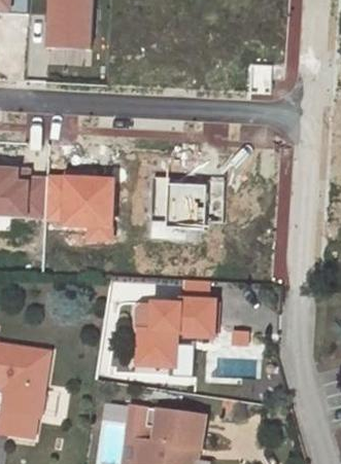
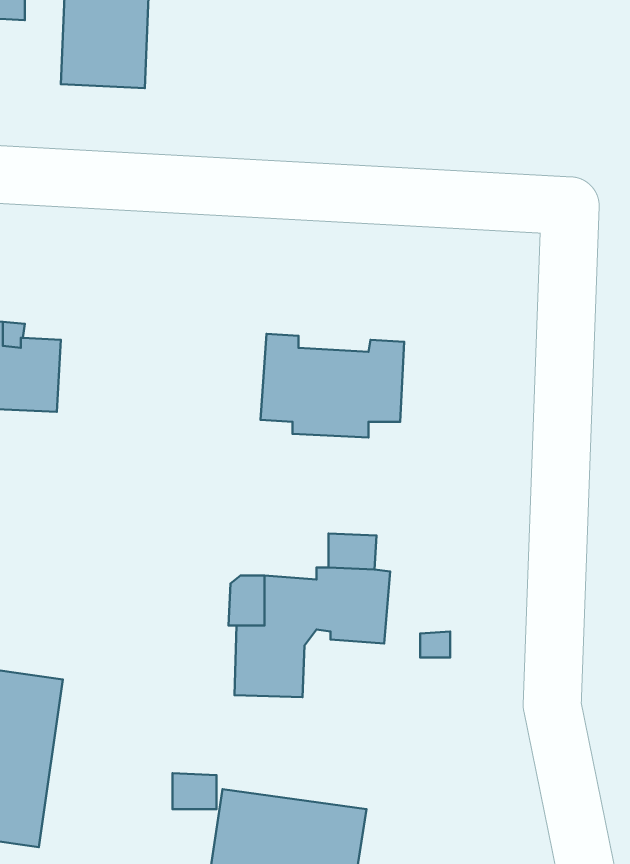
building: [44,176,113,239] -> none

